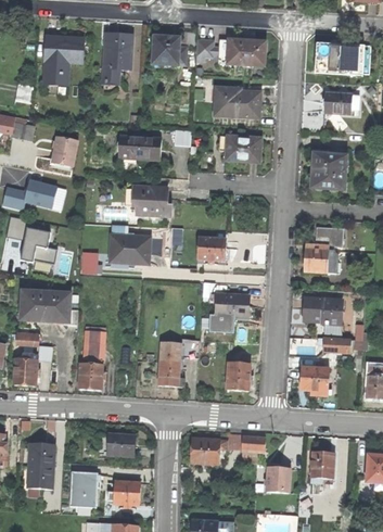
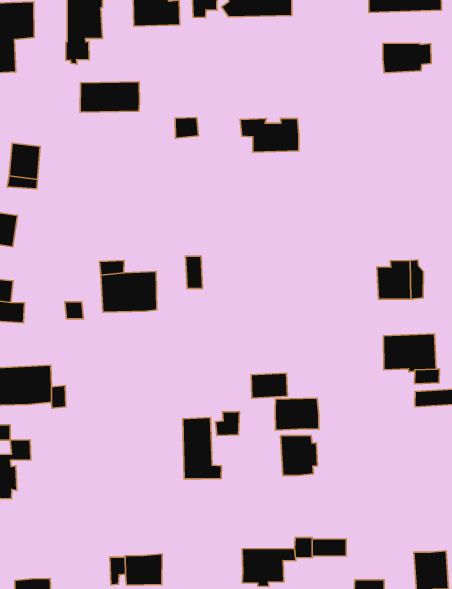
building: [214,86,259,116] -> none
building: [118,135,162,159] -> [80,82,140,112]
building: [311,153,346,189] -> none
building: [132,186,170,216] -> none
building: [316,226,344,245] -> none
building: [197,237,227,259] -> none
building: [215,293,246,317] -> [275,398,319,430]
building: [77,329,104,389] -> none
building: [299,365,331,394] -> none

